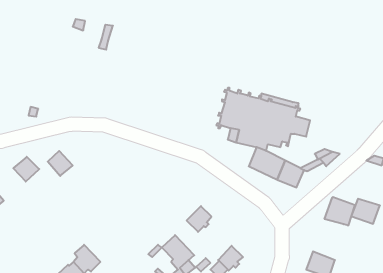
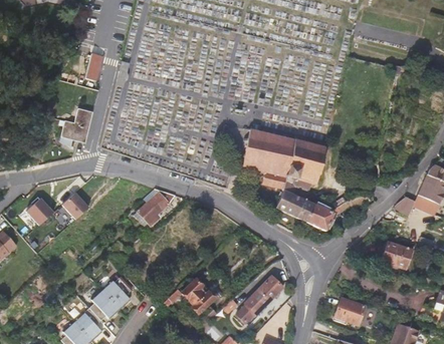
building: none -> [61,106,92,140]
building: none -> [139,189,176,223]
building: [325,197,355,226] -> none
building: [187,206,211,232] -> [256,276,282,303]
building: none -> [101,277,131,308]

